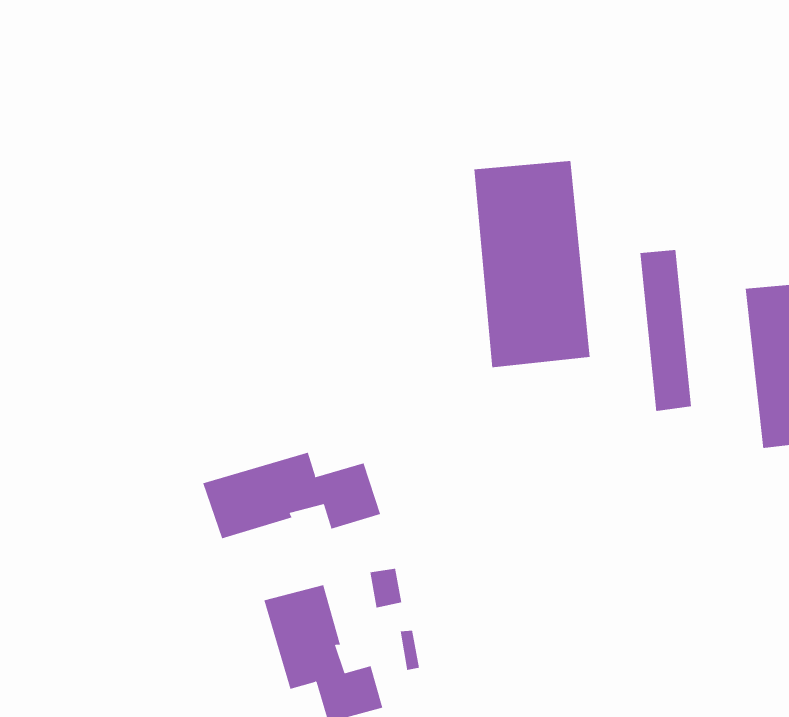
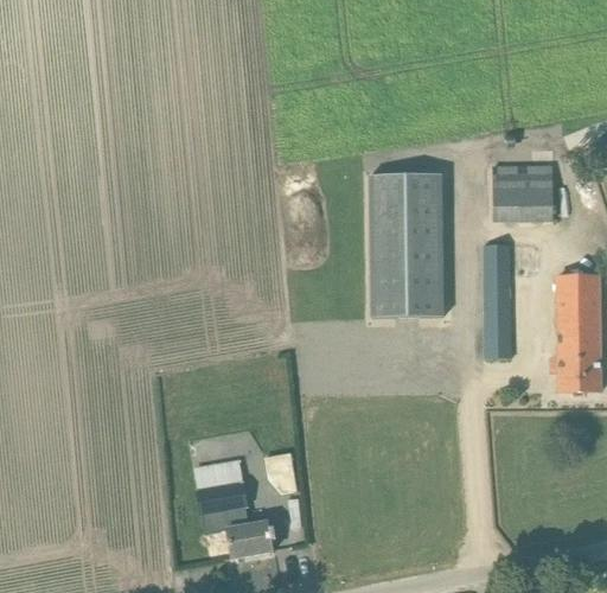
building: none -> [493,166,552,221]
building: [202,452,381,539] -> none

